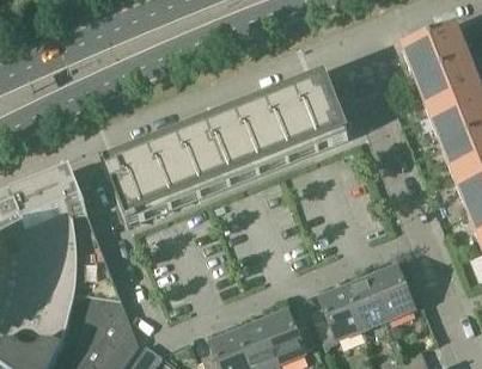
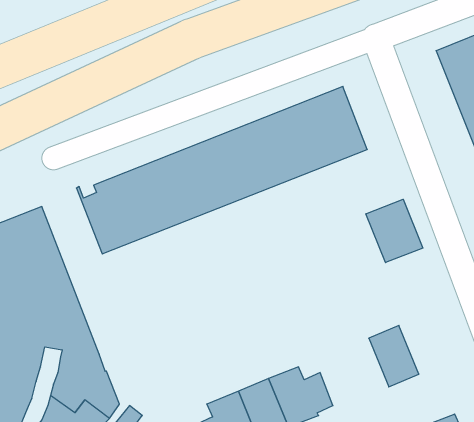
building: none -> [366,199,423,263]
building: [373,266,416,318] -> none
building: [313,288,365,342] -> none

